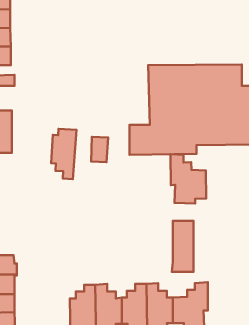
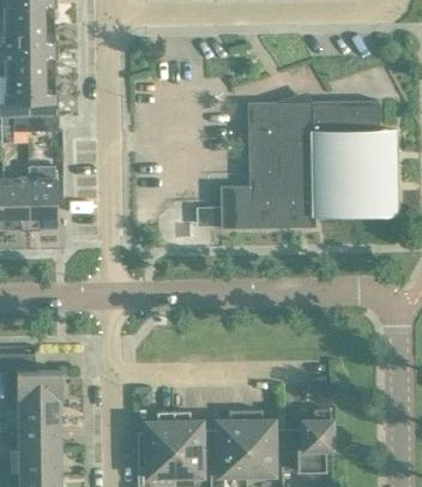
building: [51,129,76,179] -> none
building: [171,154,206,203] -> none
building: [172,221,194,272] -> none

